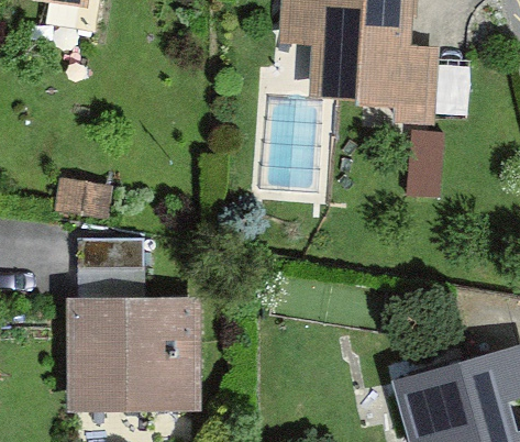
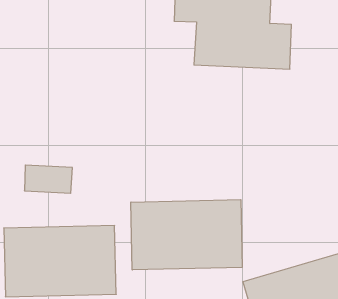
building: none -> [131,200,242,270]

